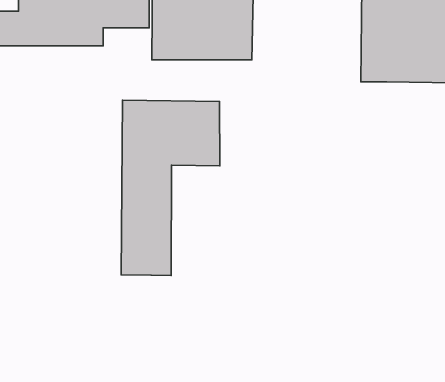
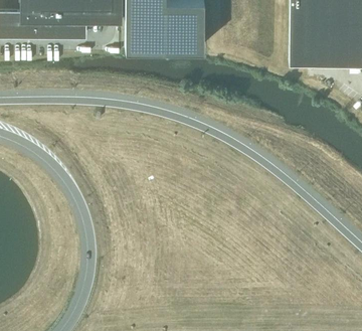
building: [121,100,220,276] -> none

